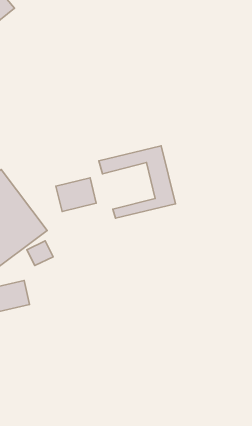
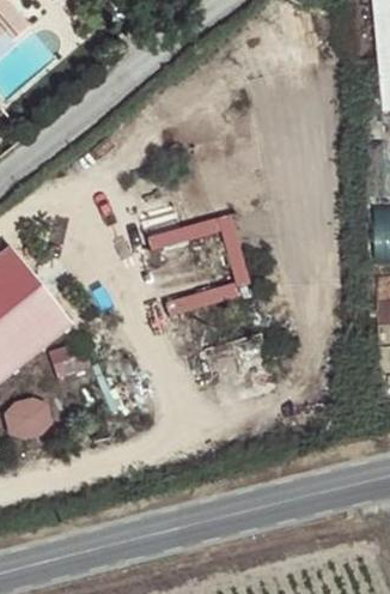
building: [56,178,96,211] -> none

